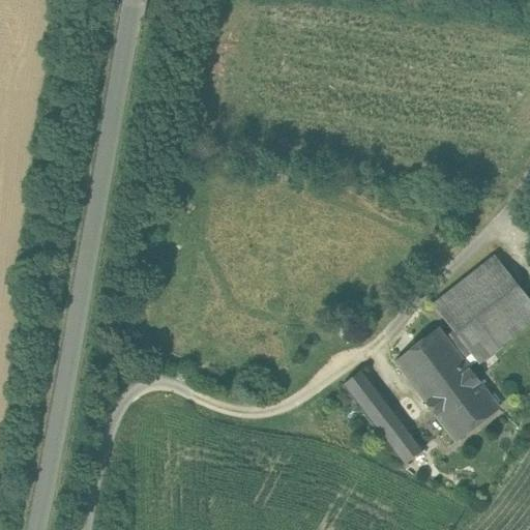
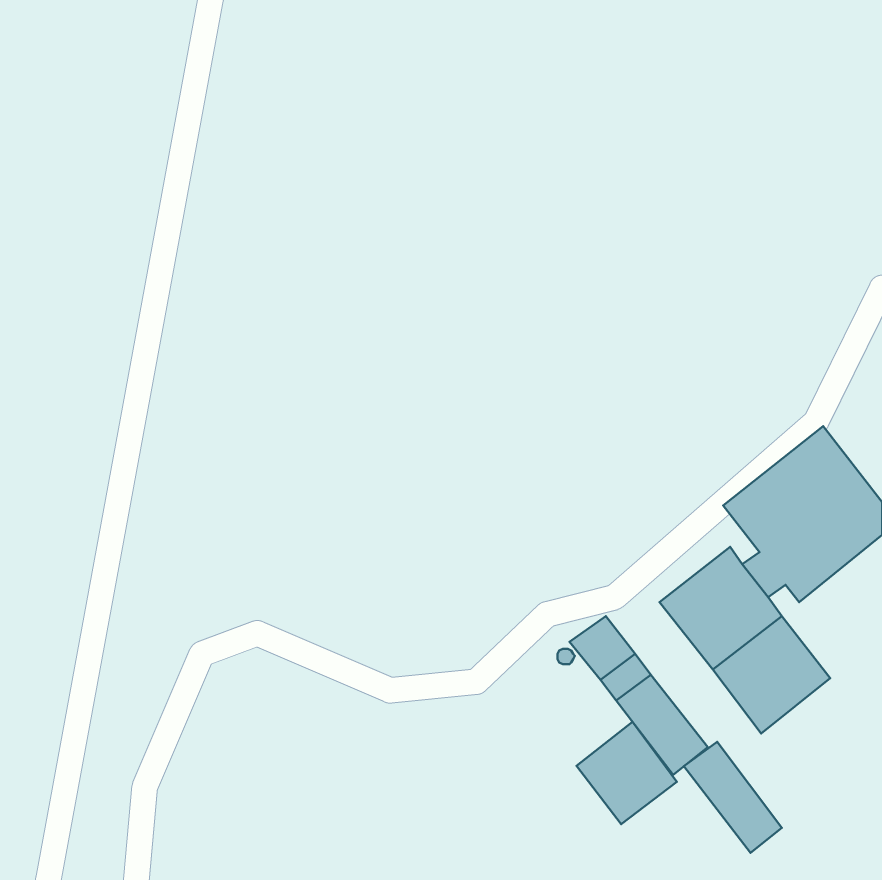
building: none -> [577,722,677,824]
building: none -> [684,742,782,853]

